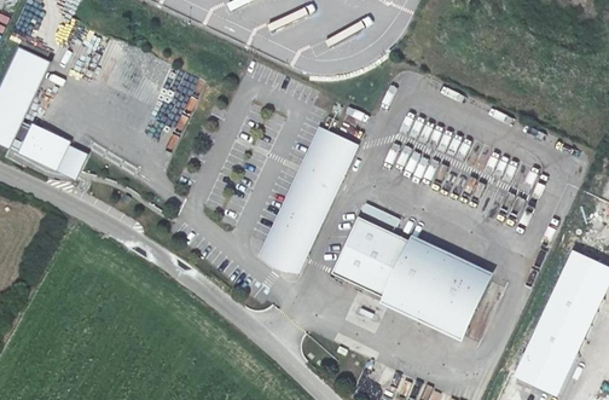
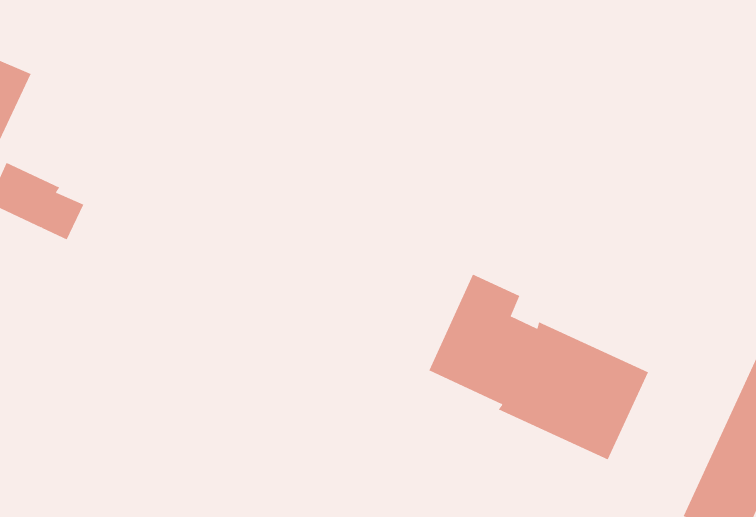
building: [261,128,355,271] -> none

